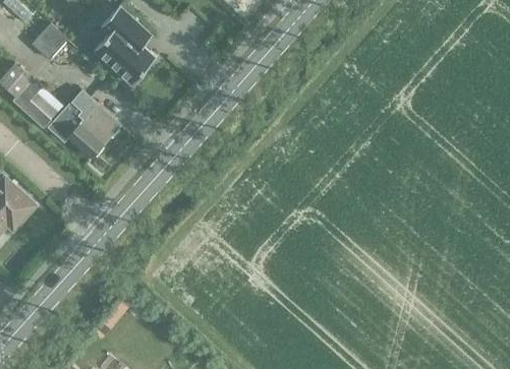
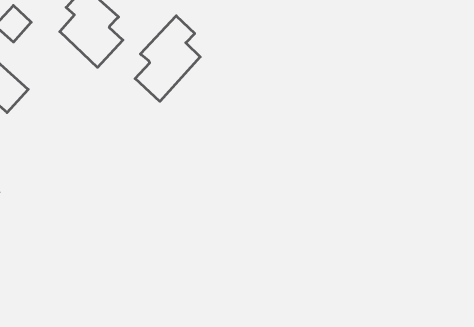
building: none -> [135,16,200,101]
building: [49,90,121,159] -> none

